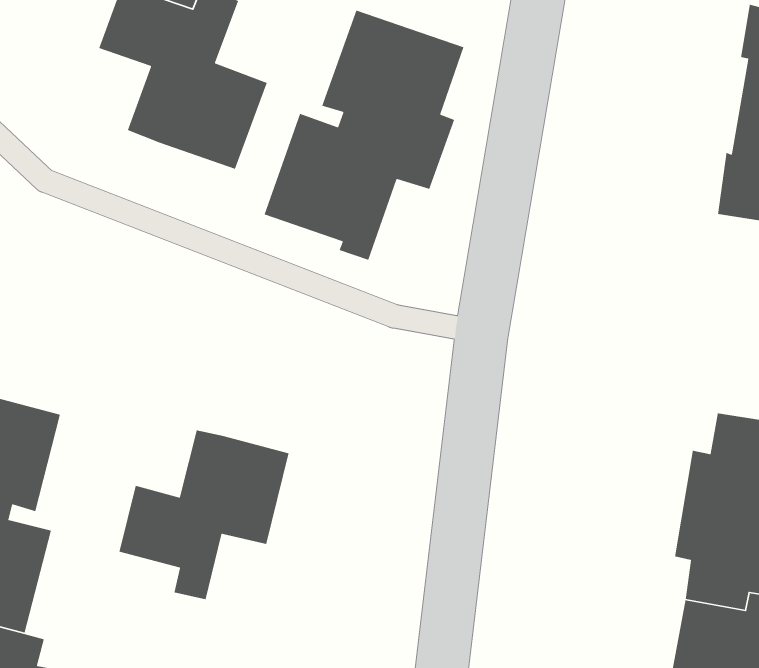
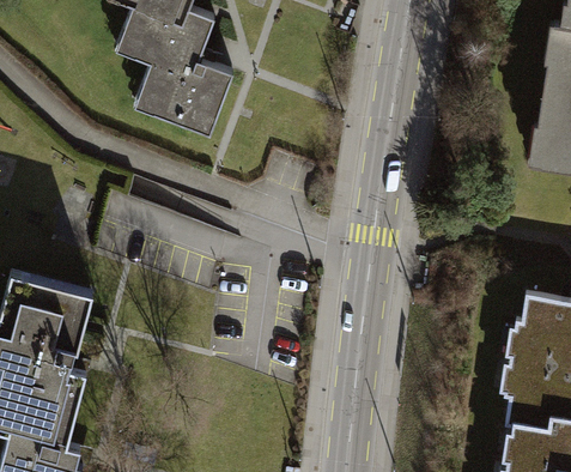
building: [263,10,465,261] -> none
building: [118,430,289,600] -> none

